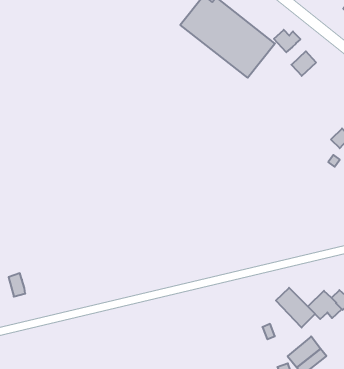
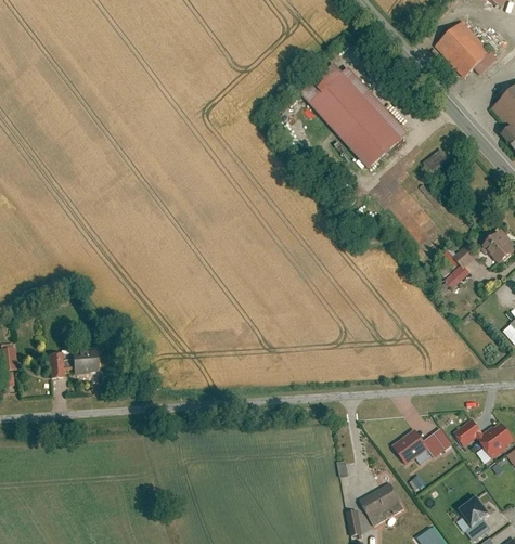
building: [274,30,300,52] -> none
building: none -> [64,350,101,376]
building: [276,288,315,328] -> none

